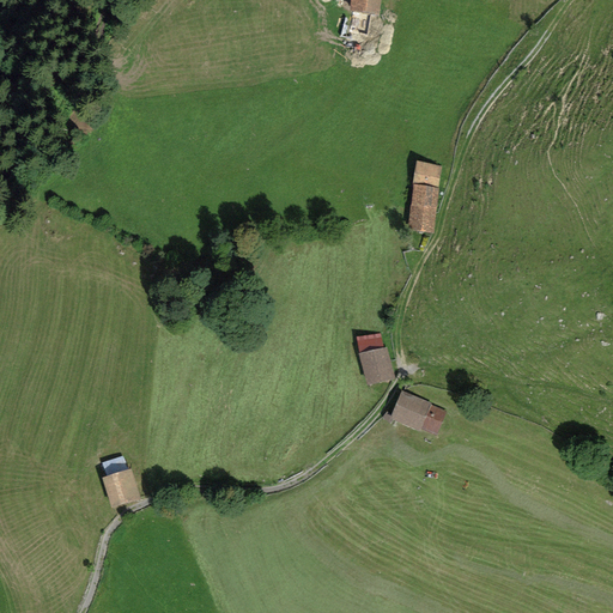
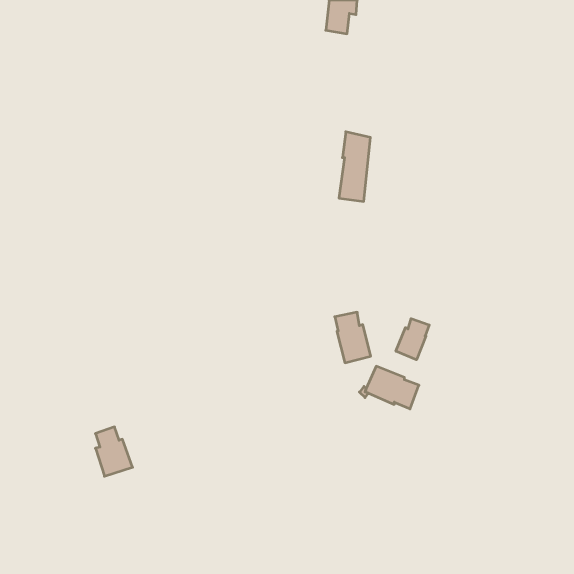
building: [408,159,442,233] -> [339,132,370,201]
building: none -> [396,319,429,360]

